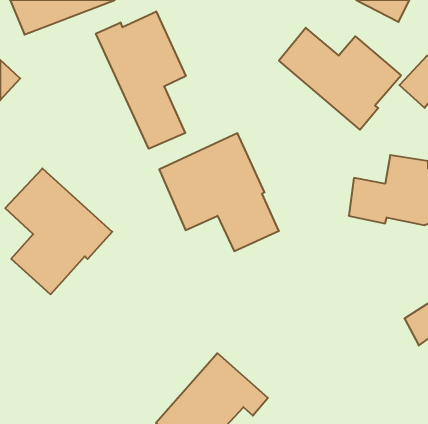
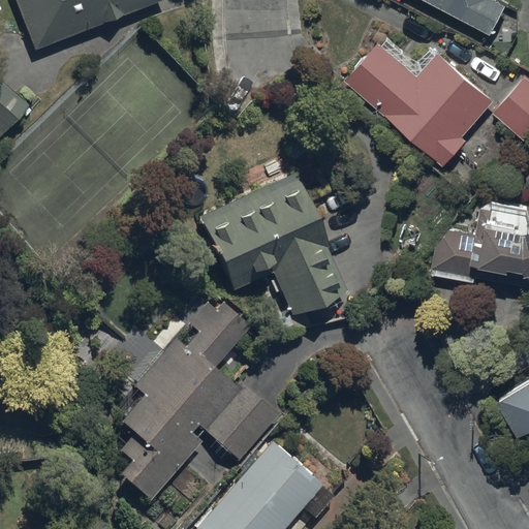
building: [96,11,186,149] -> none
building: [5,168,112,294] -> none
building: none -> [116,300,279,499]

